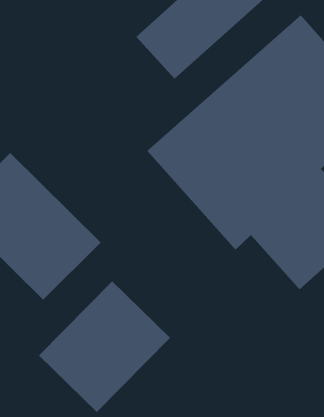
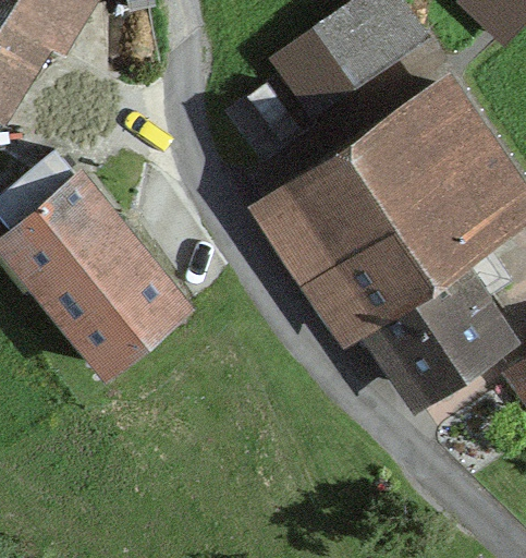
building: [38,281,171,413] -> none

